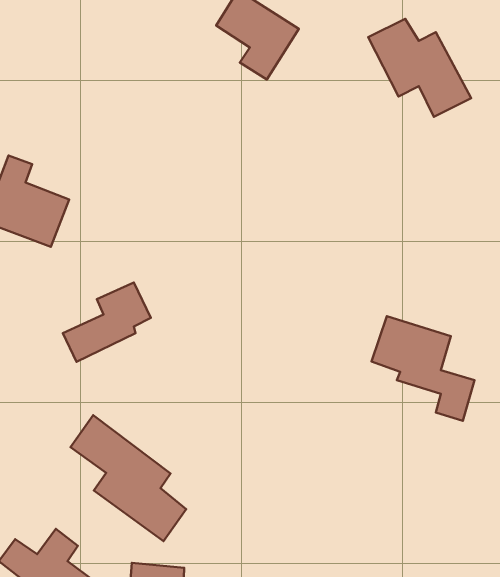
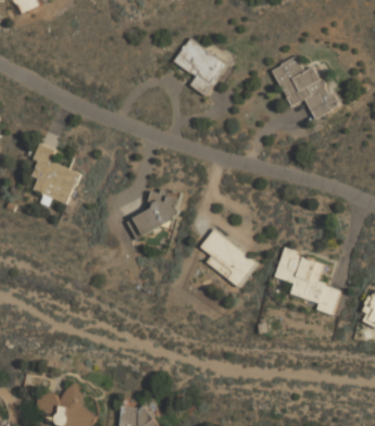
building: [63,282,151,362] -> [126,188,183,239]
building: none -> [200,227,258,287]
building: [71,415,186,541] -> none

